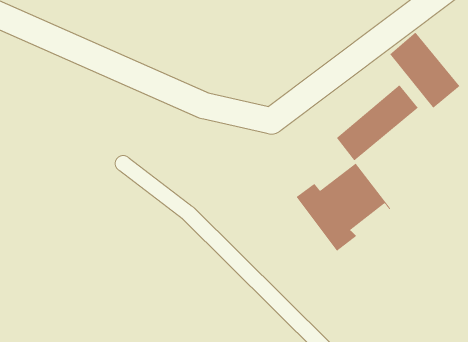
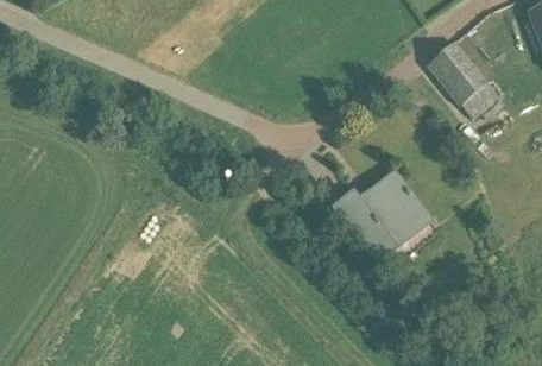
building: [336,84,419,161] -> none

